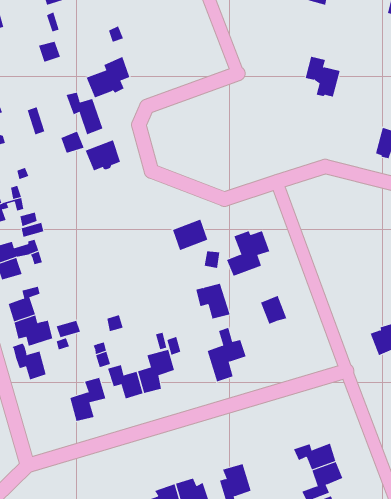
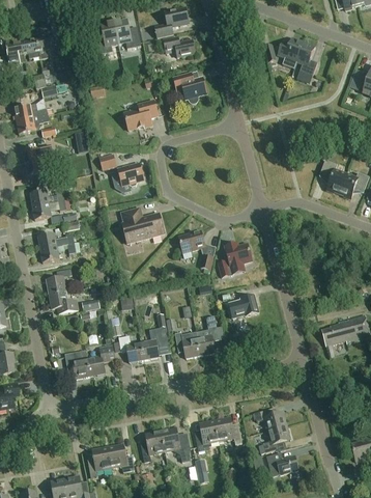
building: none -> [173,73,207,103]
building: [305,56,340,97] -> [319,159,347,192]
building: [66,92,103,135] -> none
building: none -> [121,206,164,243]
building: [196,283,230,319] -> [176,331,201,358]
building: [12,343,47,380] -> [65,350,90,379]
building: none -> [216,417,244,444]

